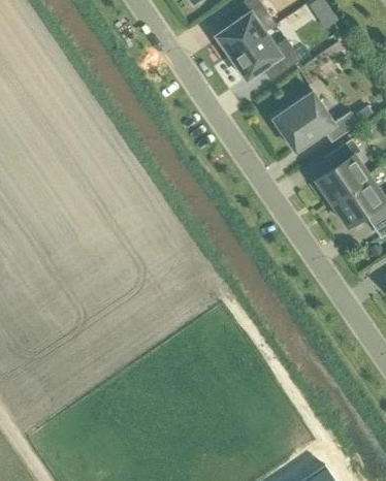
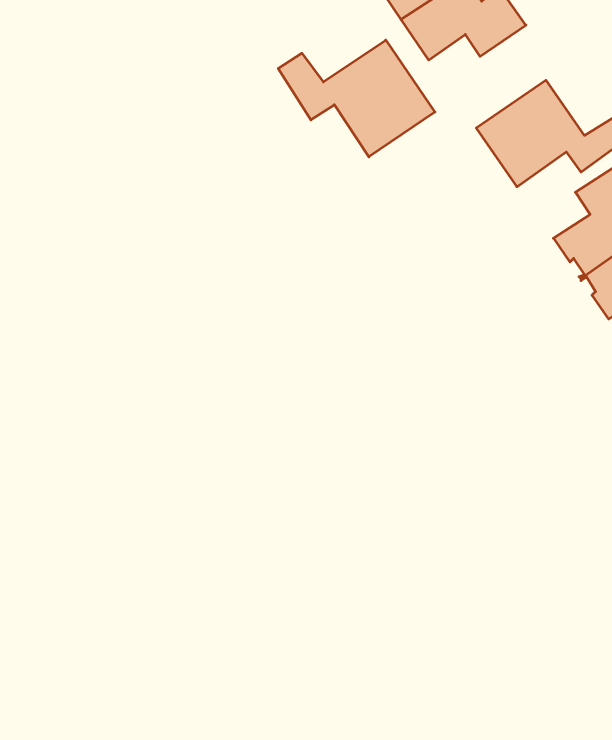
building: none -> [278,40,435,157]

